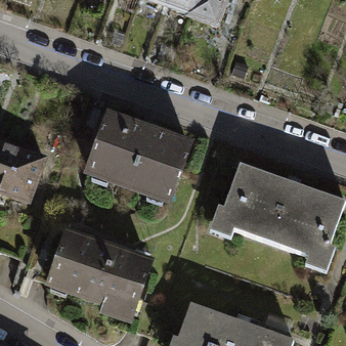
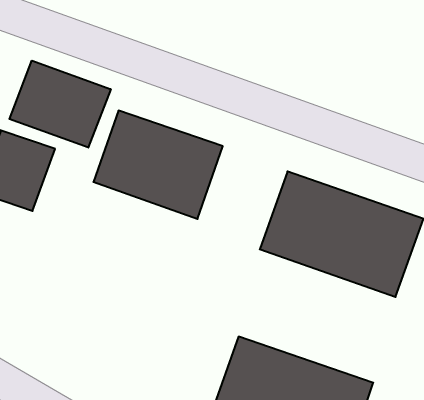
building: none -> [9,61,111,148]
building: [51,219,160,307] -> none

